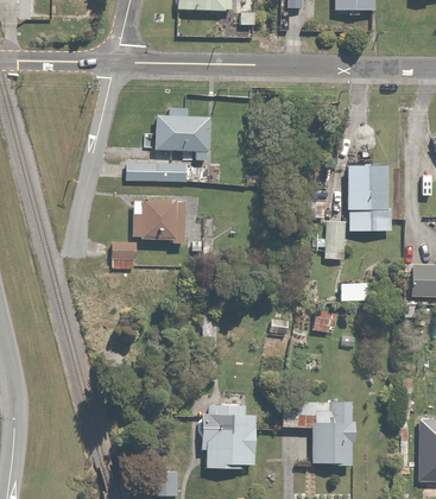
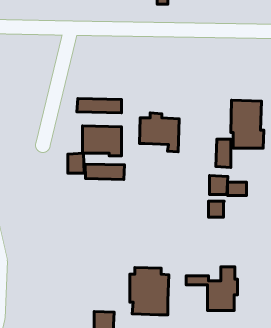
building: [154,107,211,163] -> [139,113,179,152]
building: none -> [85,164,124,179]
building: none -> [209,175,228,194]

